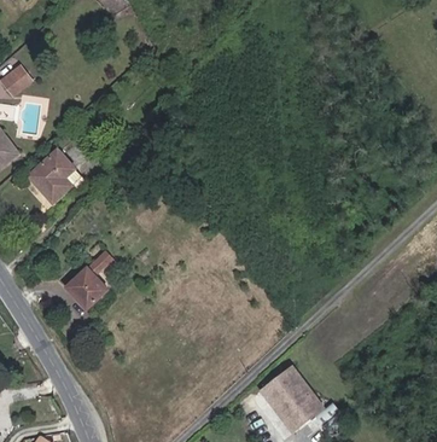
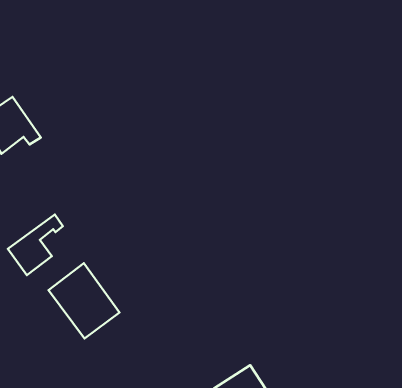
building: none -> [48,263,120,338]

